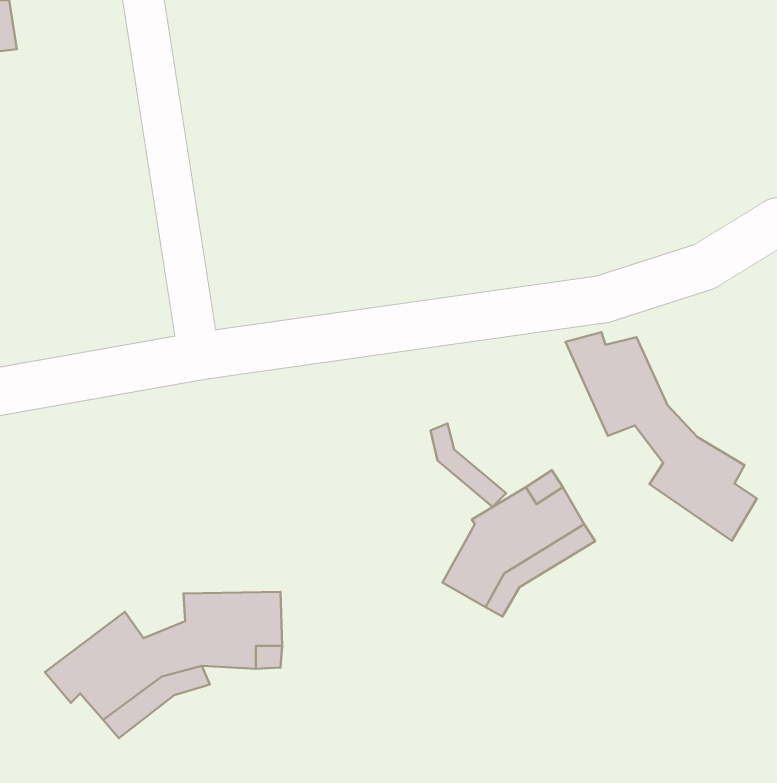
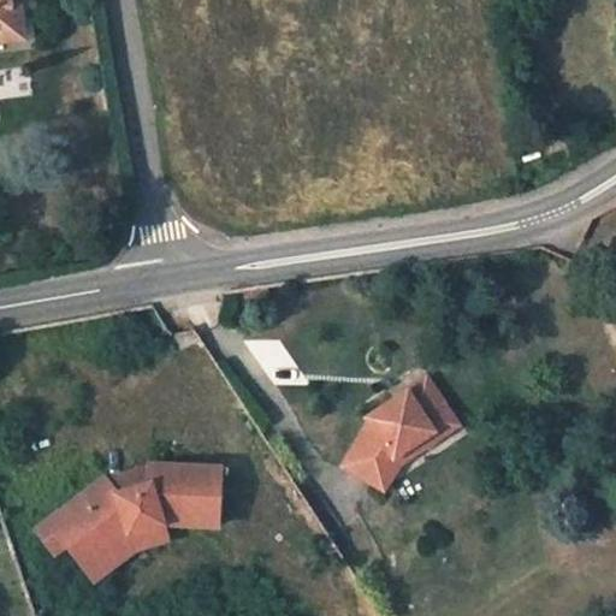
building: [566,332,757,541] -> none
building: [431,424,506,507] -> none

